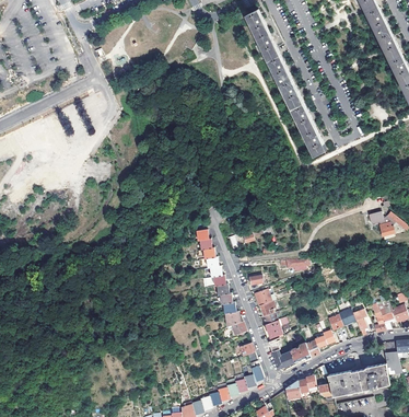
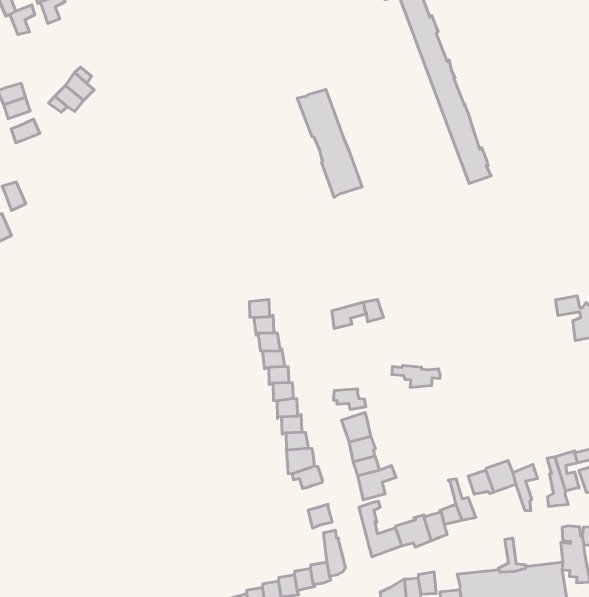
building: none -> [297,89,362,198]

